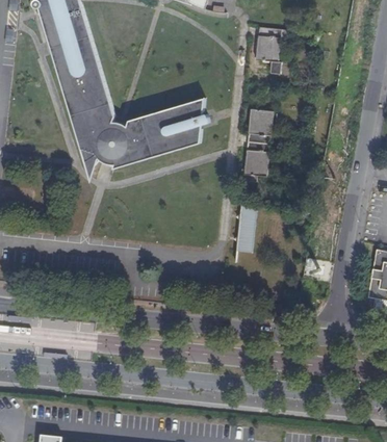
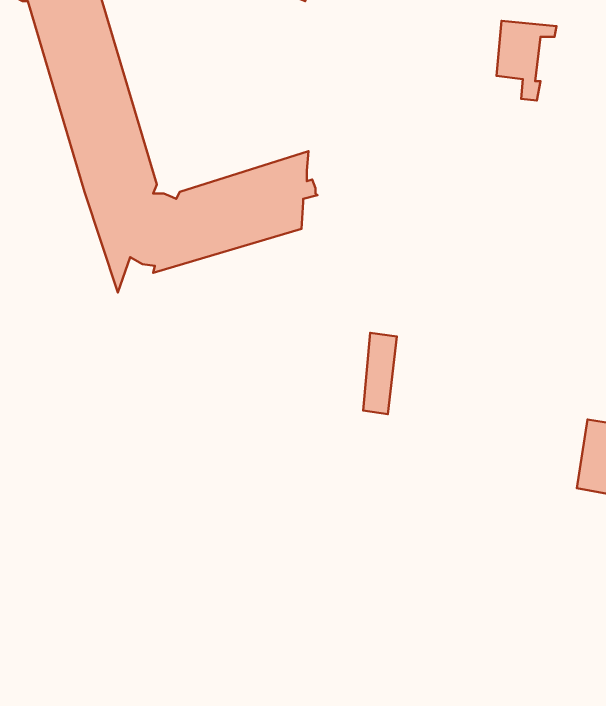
building: [256,27,291,74] -> [496,21,556,100]
building: [244,110,274,176] -> none

